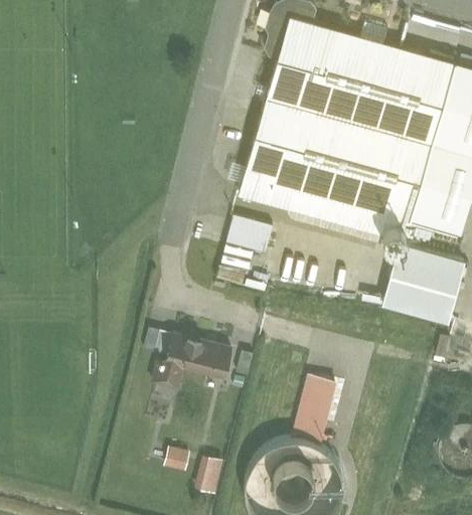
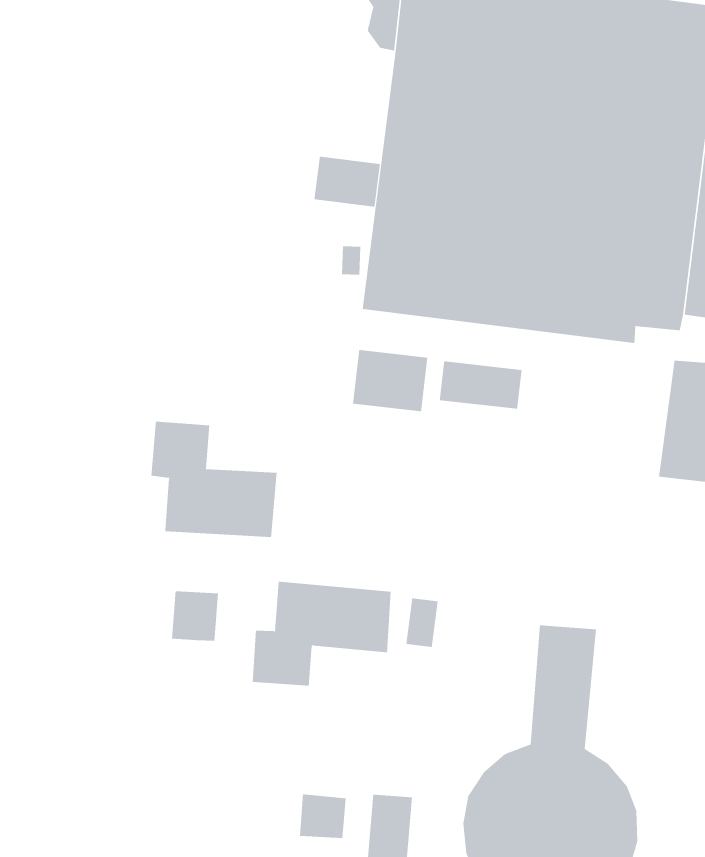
building: none -> [314,156,380,207]
building: none -> [439,361,522,410]
building: none -> [151,421,277,538]
building: [143,328,172,358] -> [171,591,219,641]

